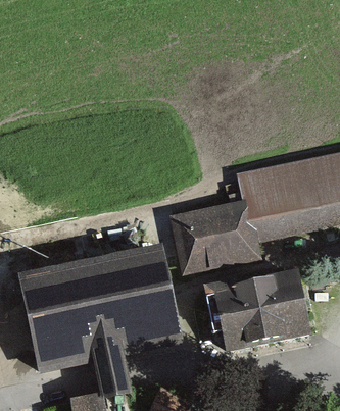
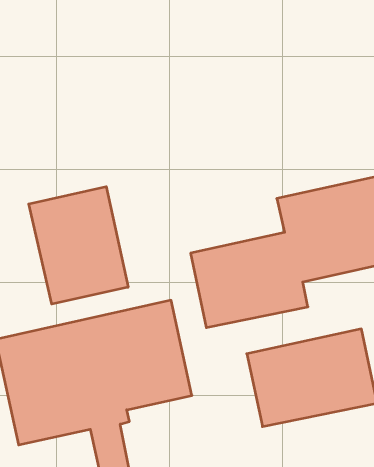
building: none -> [29,187,128,304]

